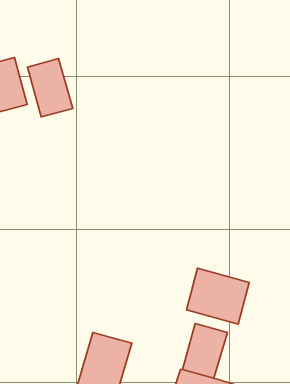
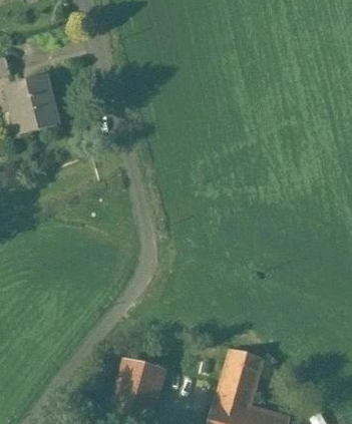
building: [28,58,73,117] -> none
building: [187,268,249,324] -> none

